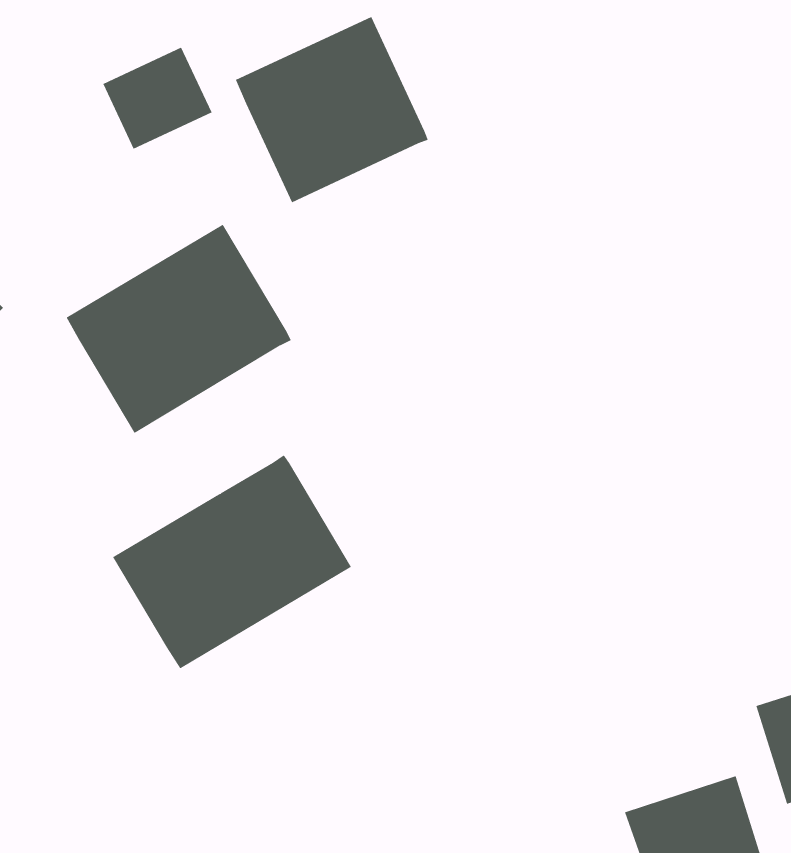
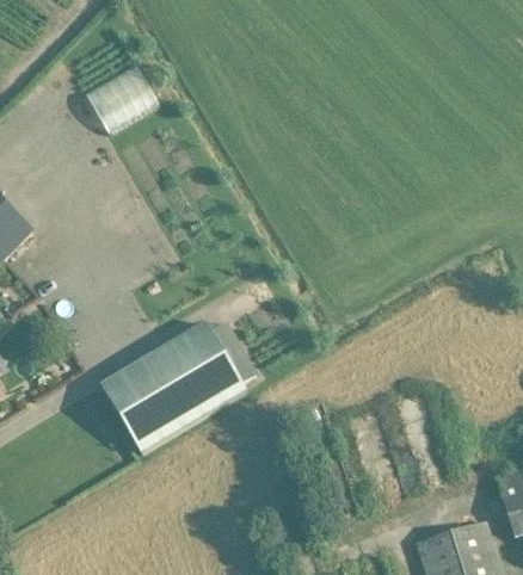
building: [235,16,428,203] -> none
building: [66,224,291,434] -> none

